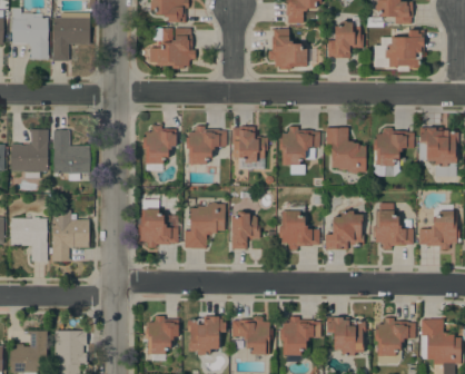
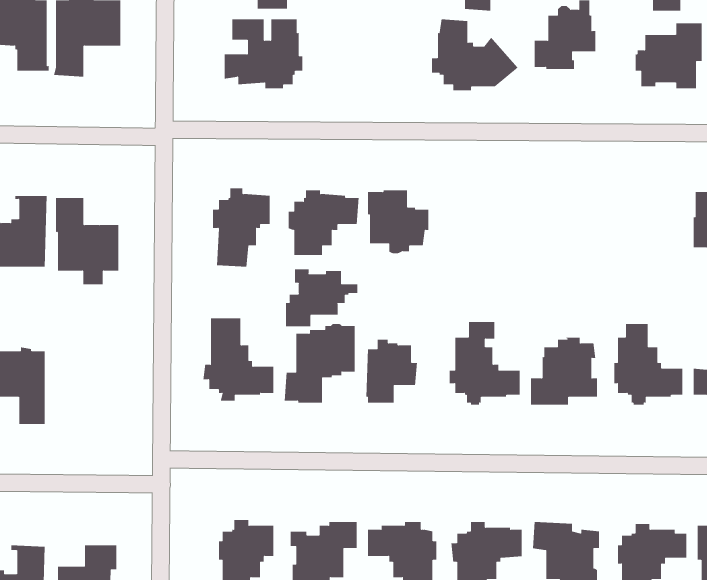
building: [279,126,319,174] -> none
building: [326,127,366,174] -> none
building: [373,127,414,176] -> none
building: none -> [286,269,358,327]
building: [52,209,88,260] -> none

